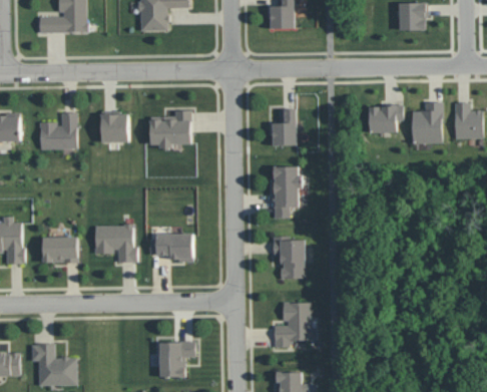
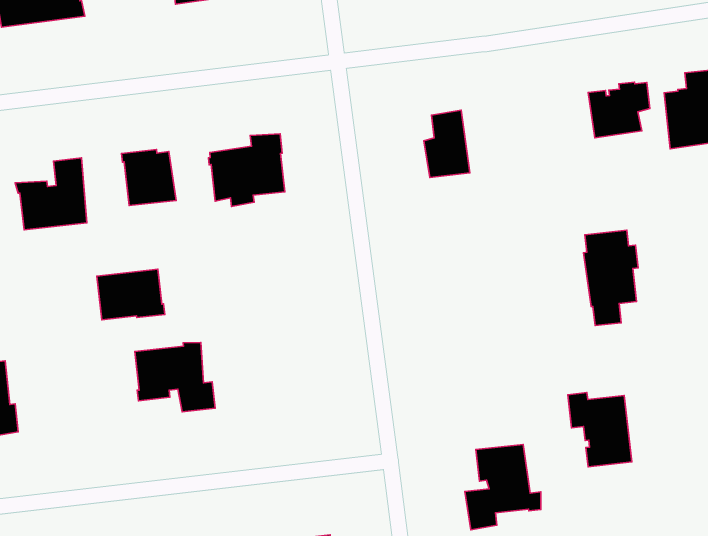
building: [272,166,302,219] -> [583,230,638,326]
building: [149,234,192,262] -> none
building: [273,237,305,279] -> [568,393,632,467]
building: [42,238,78,264] -> [97,269,165,320]

